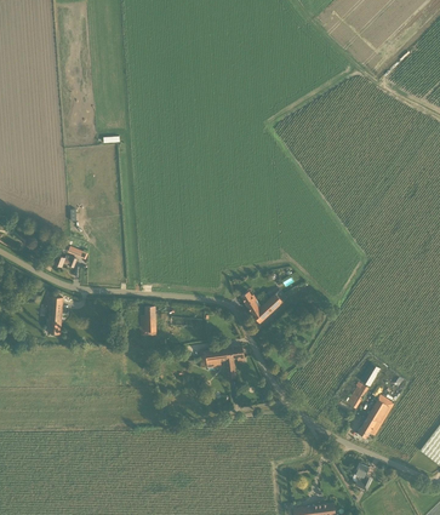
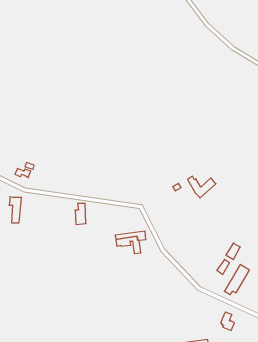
building: [241,292,282,324] -> [188,176,216,198]

